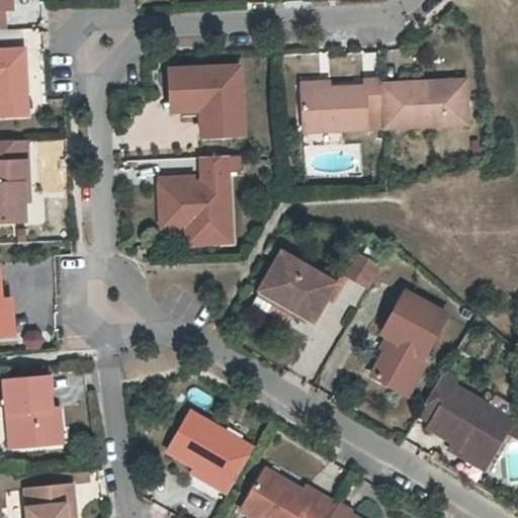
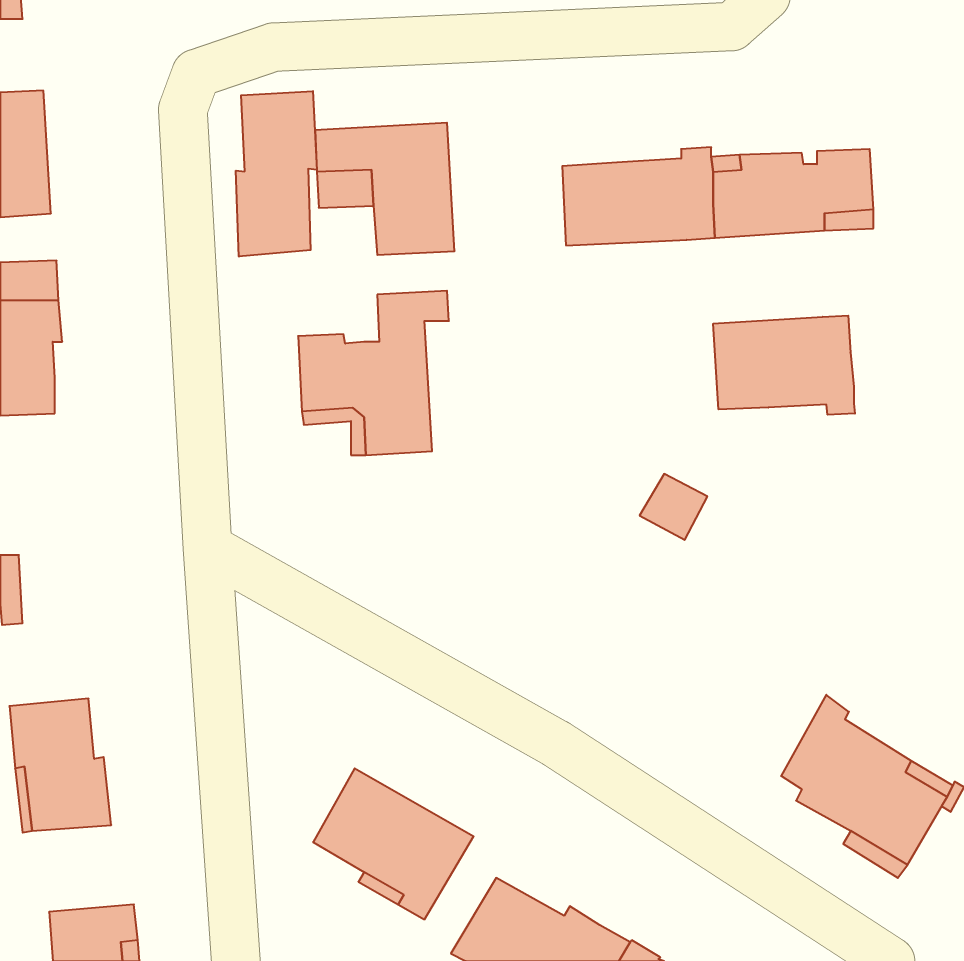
building: none -> [236,91,317,257]
building: none -> [713,316,855,415]
building: [259,254,334,321] -> none
building: [370,292,445,395] -> none

